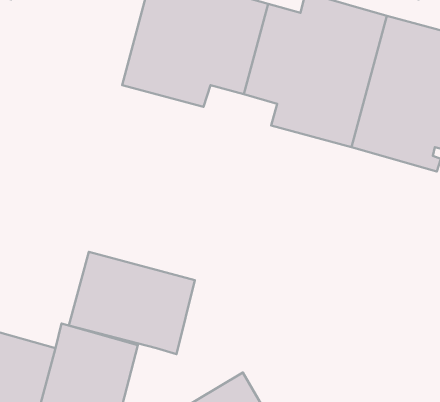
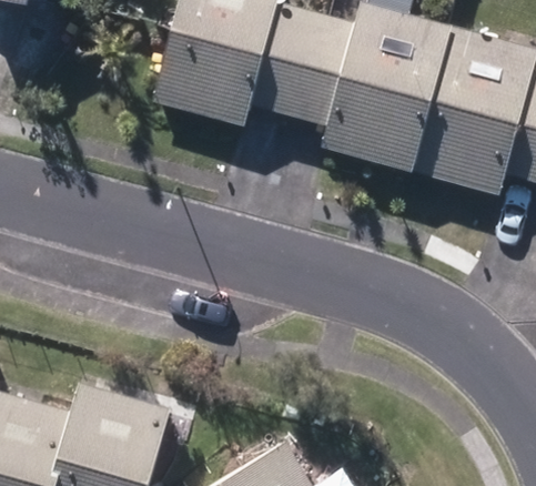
building: [69,252,195,354] -> none

